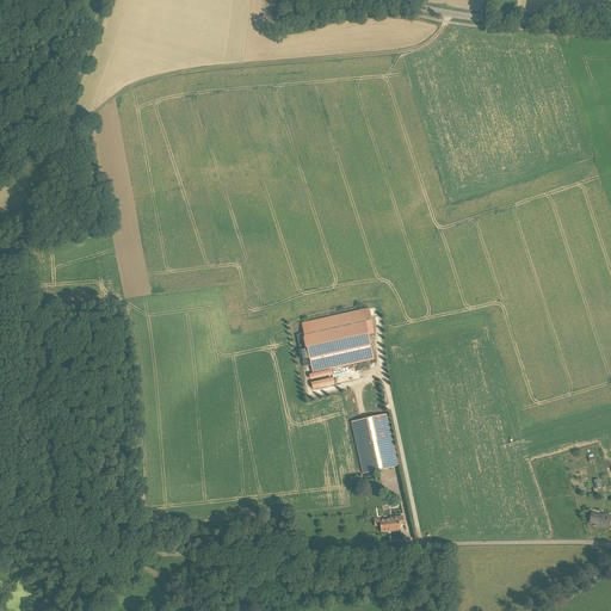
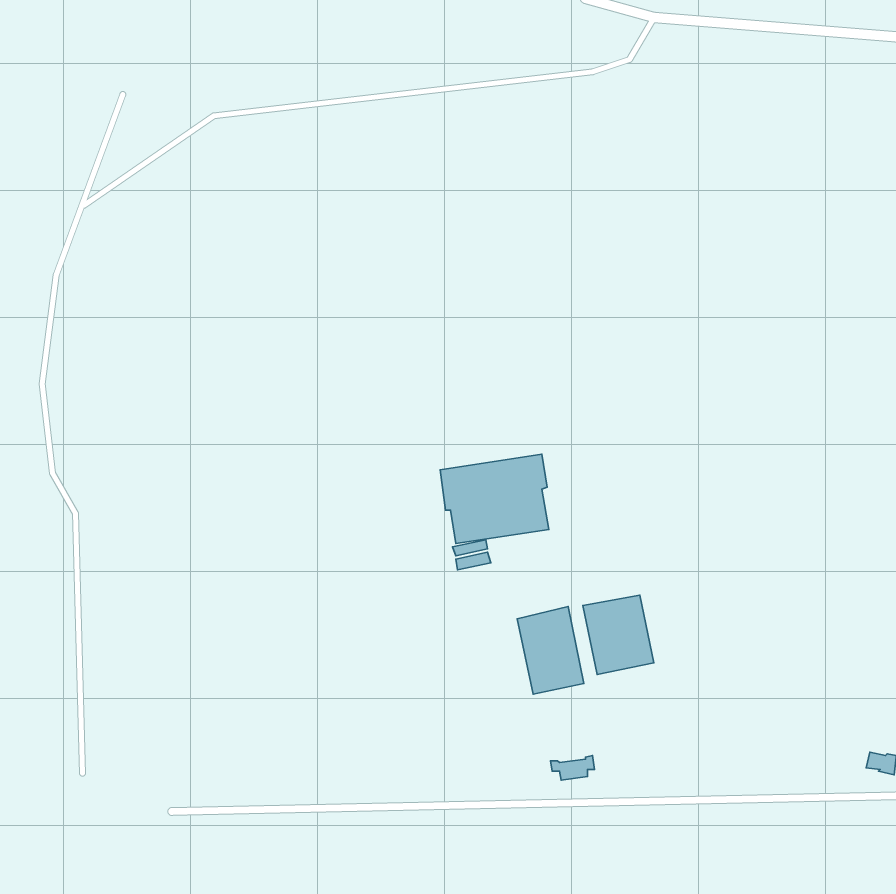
building: none -> [583,595,654,674]

